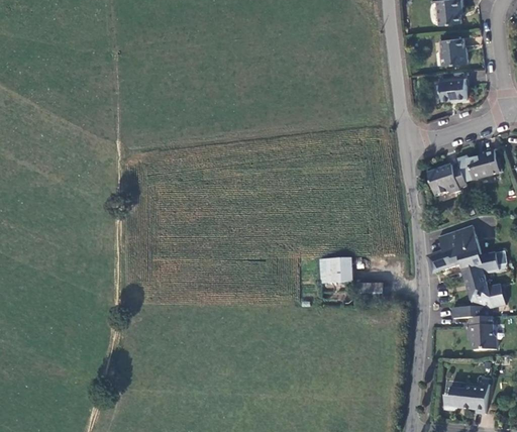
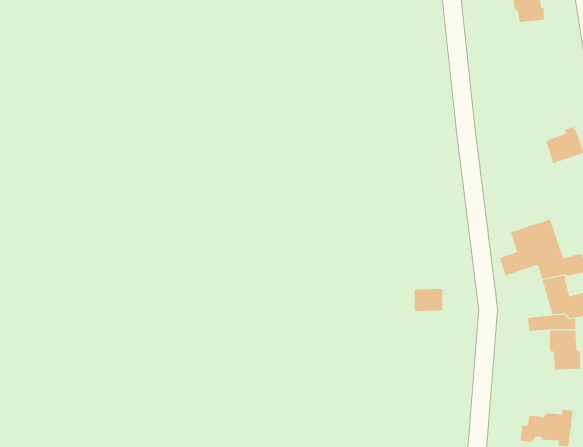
building: [438,79,464,100] -> none
building: [426,166,466,197] -> none
building: [318,255,352,281] -> none

